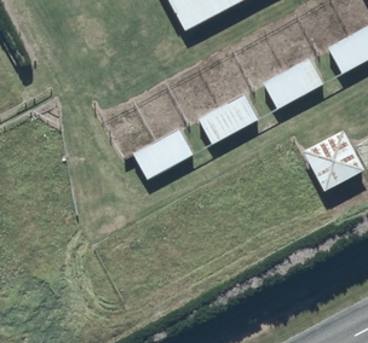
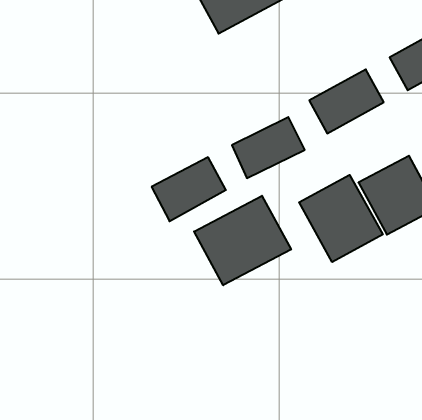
building: none -> [299,175,383,262]
building: none -> [194,196,291,285]

